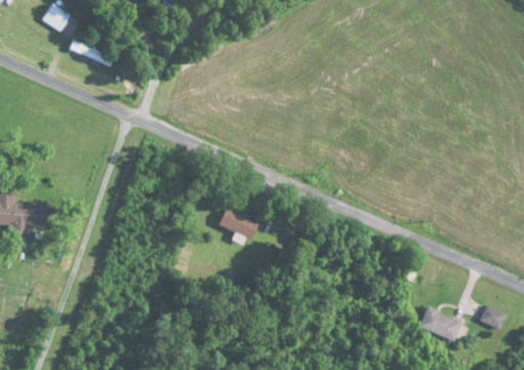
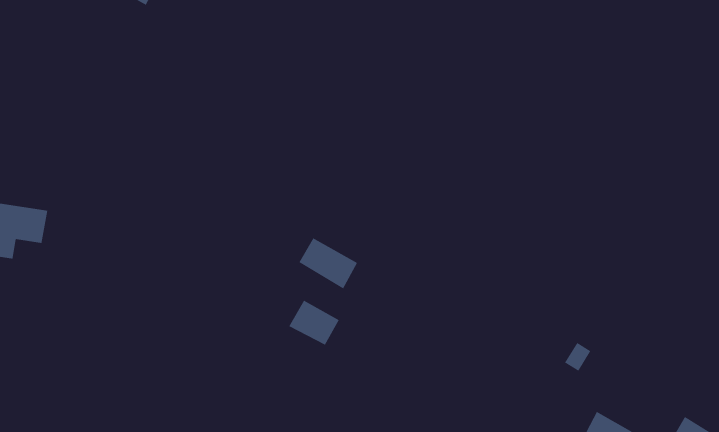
building: none -> [289,300,339,346]

